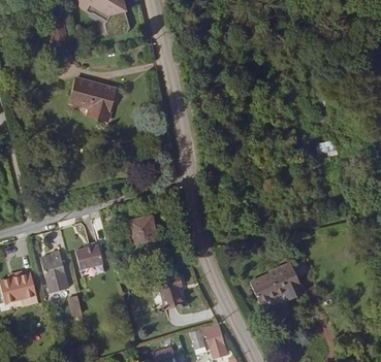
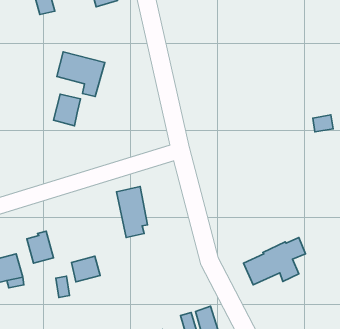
building: none -> [53,94,80,126]
building: [75,245,103,270] -> [72,256,100,282]
building: [156,274,184,308] -> none

